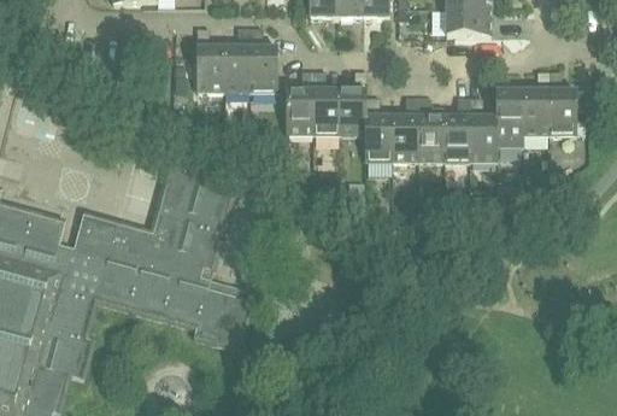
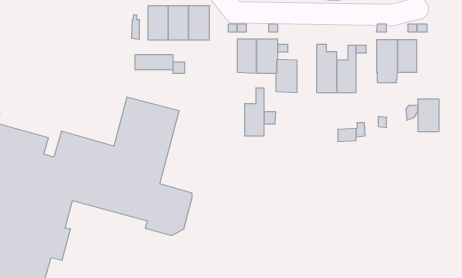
building: [286,89,313,133] -> none
building: [548,90,576,133] -> [418,99,439,131]
building: [392,96,417,159] -> [245,88,264,136]
building: none -> [135,55,173,70]
building: [469,117,496,160] -> none

